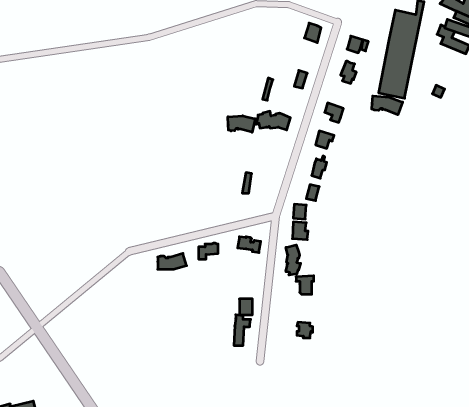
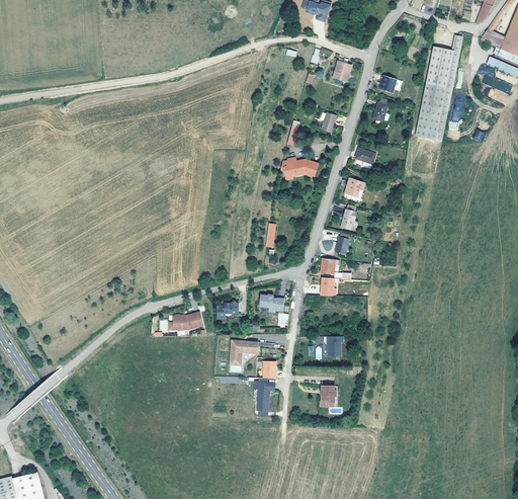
building: [372,96,403,115] -> none
building: [228,116,255,132] -> none
building: [286,245,301,275] -> none
building: none -> [231,341,258,360]

